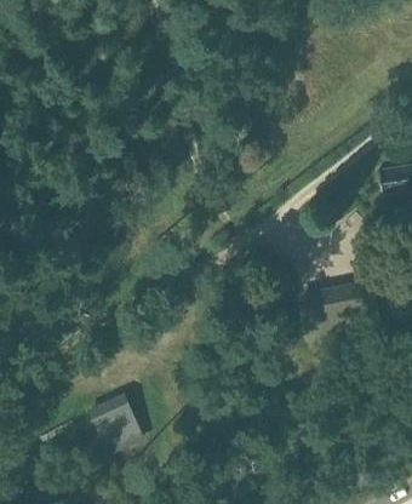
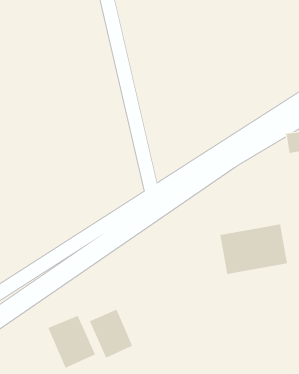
building: none -> [89,309,133,359]

